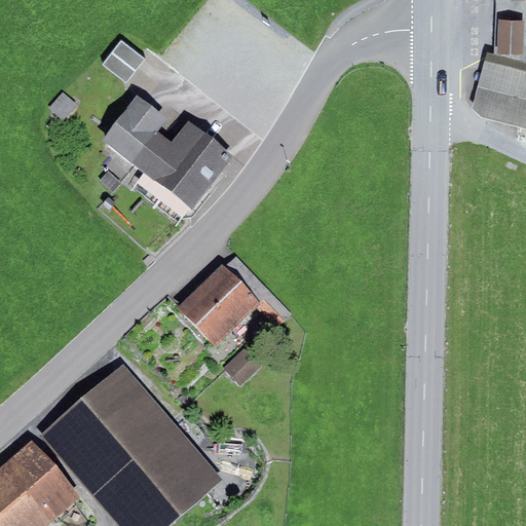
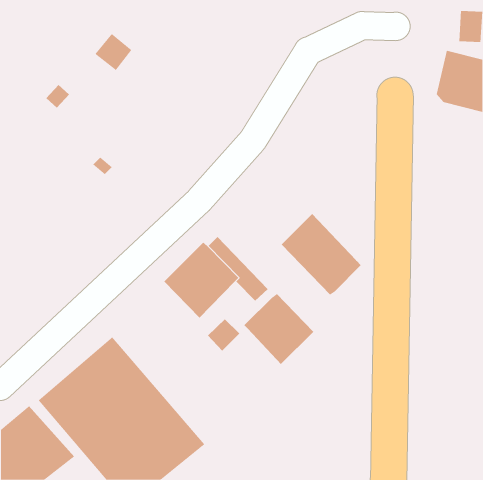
building: [104,98,233,211] -> none
building: none -> [281,213,361,295]
building: none -> [244,293,314,365]

